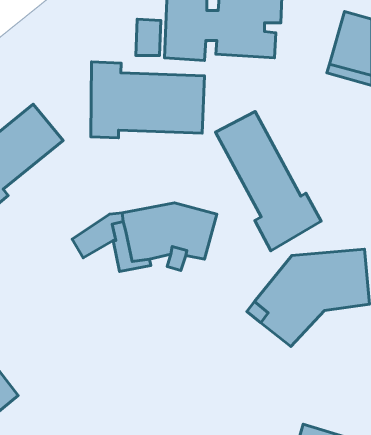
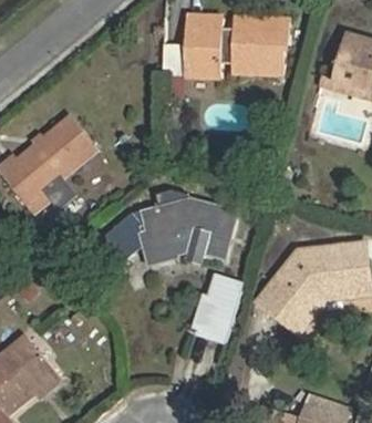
building: [91,62,204,138] -> none
building: [216,111,321,251] -> none
building: none -> [196,276,242,341]

